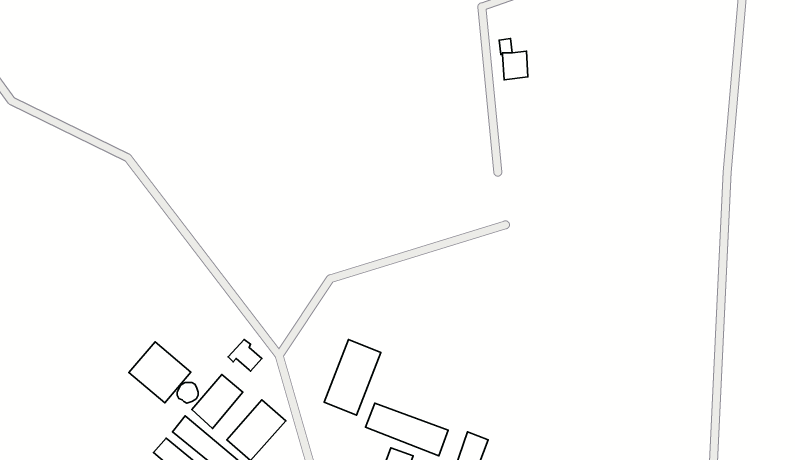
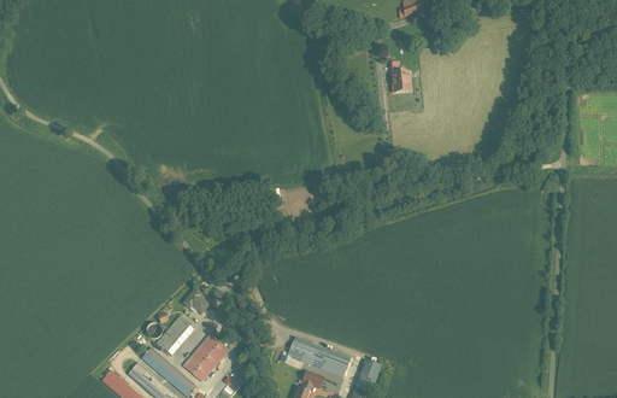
building: [324,340,381,415] -> none
building: [129,342,191,403] -> none

